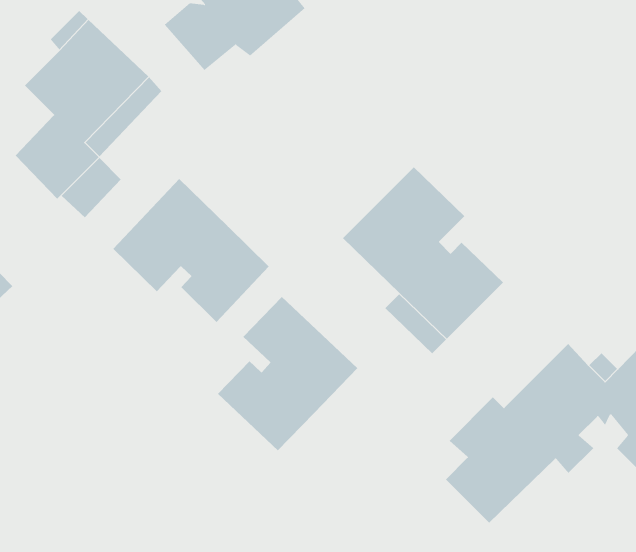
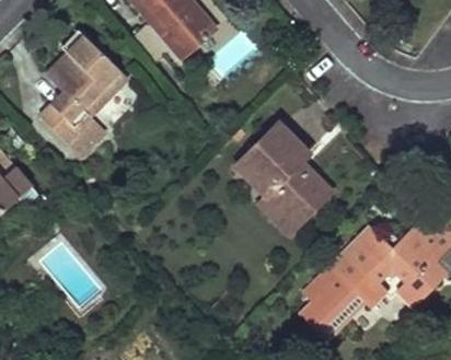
building: [113,178,270,323] -> none
building: [217,296,358,451] -> none

